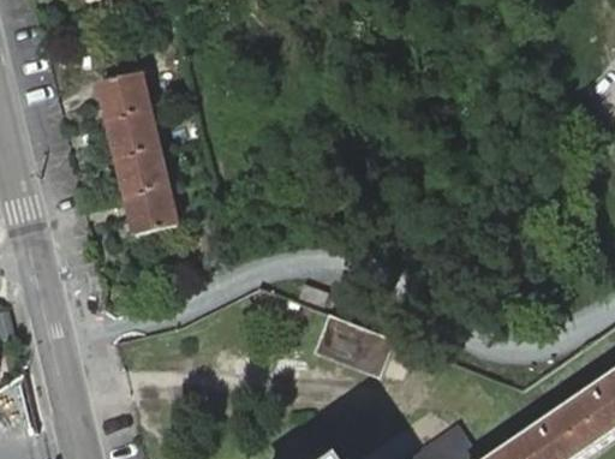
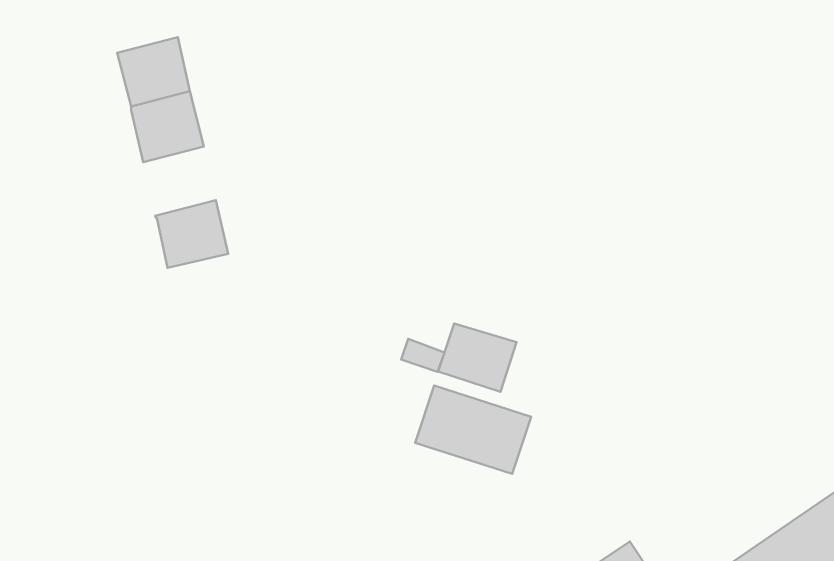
building: [115,147,166,195] -> none
building: none -> [438,323,517,392]

